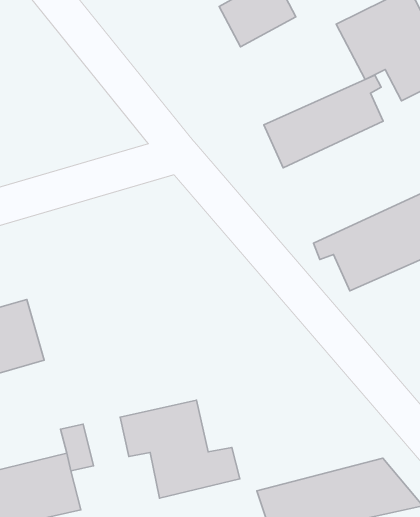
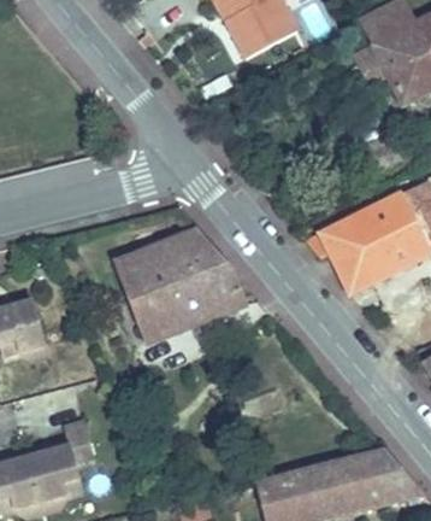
building: [264,75,383,168] -> none
building: none -> [116,227,242,336]
building: [120,400,240,498] -> none

